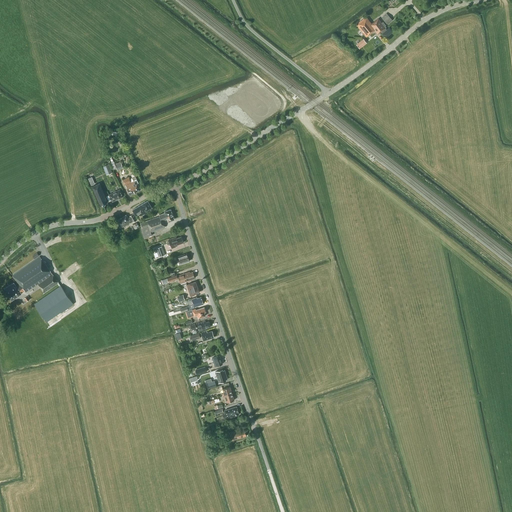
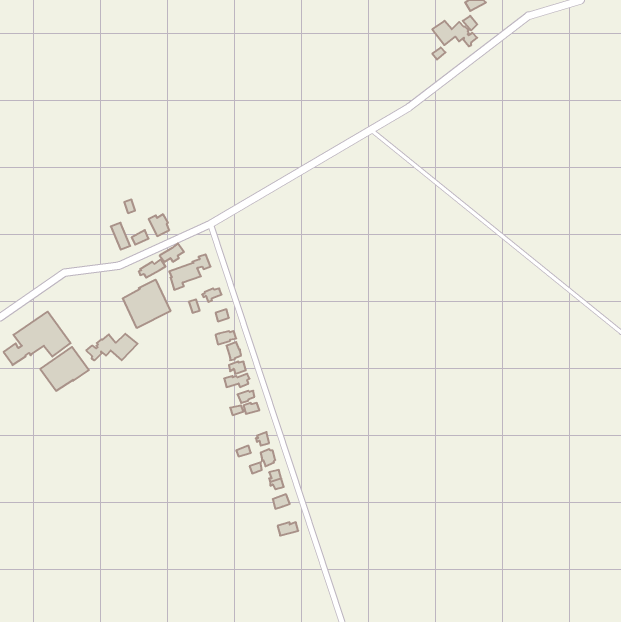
building: none -> [123,280,170,328]
building: none -> [86,334,138,360]

